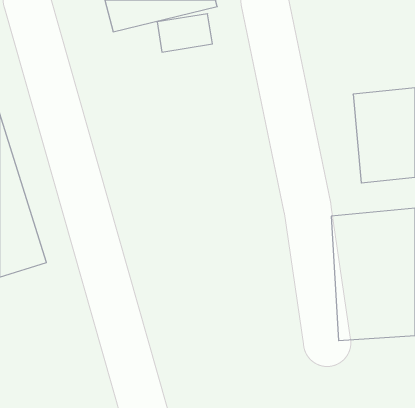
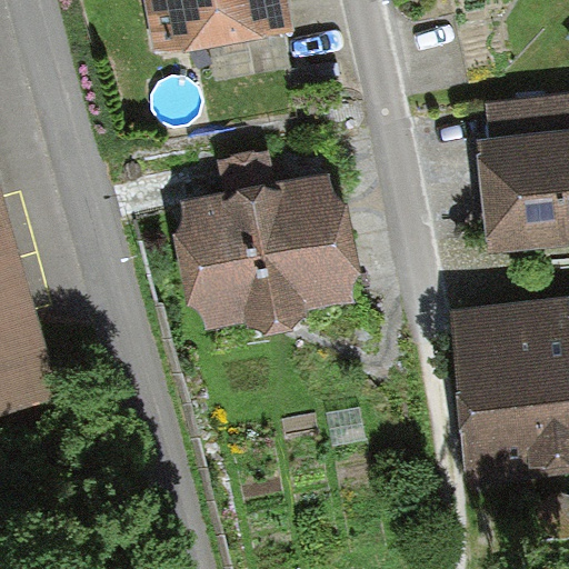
building: none -> [174,170,360,329]

